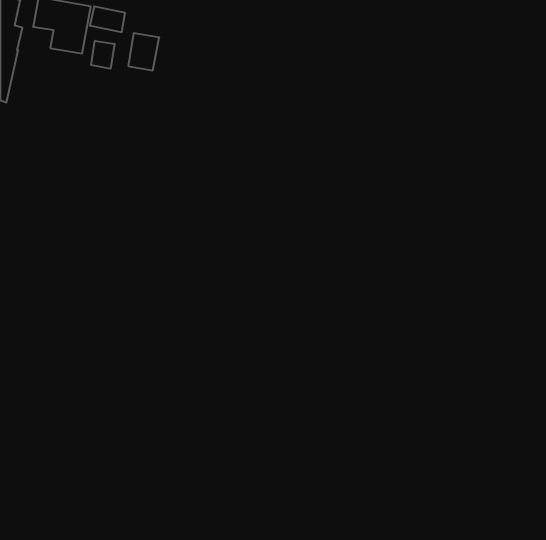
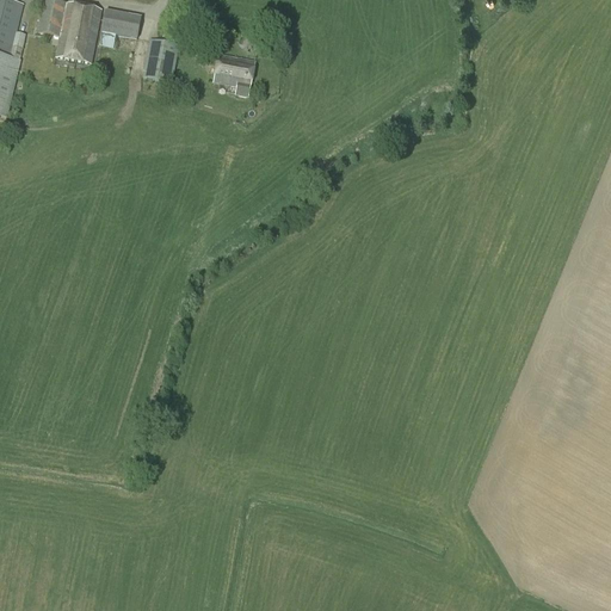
building: [91,41,115,69] -> none
building: none -> [214,51,255,94]

